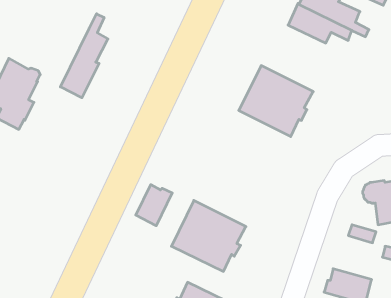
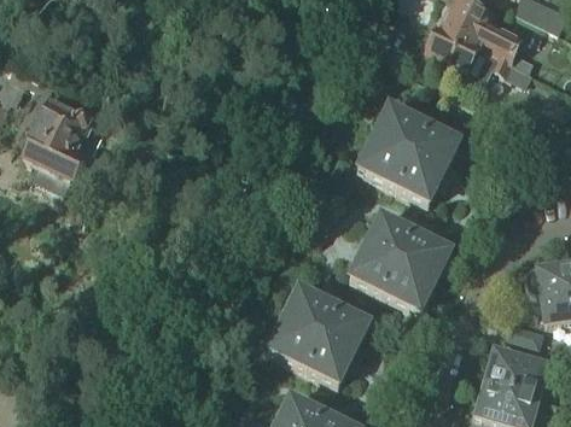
building: [60,14,108,98] -> none
building: none -> [350,215,450,310]
building: [136,185,172,226] -> none
building: none -> [485,345,547,393]

